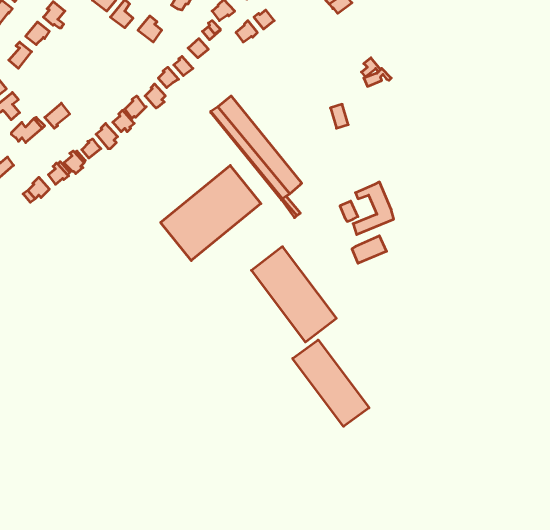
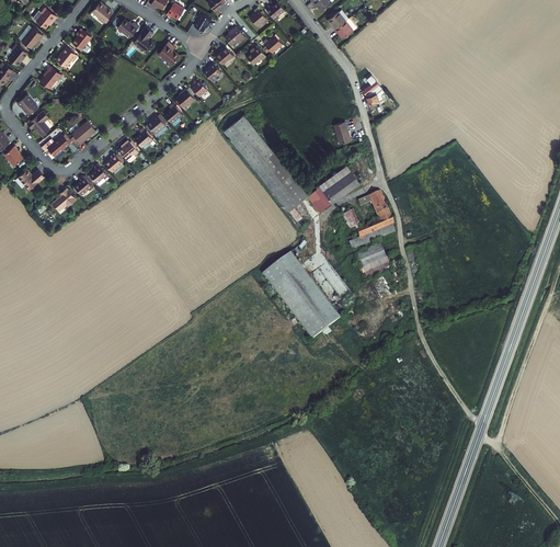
building: none -> [307,164,359,212]
building: [161,165,261,261] -> none
building: [293,340,369,426] -> none

